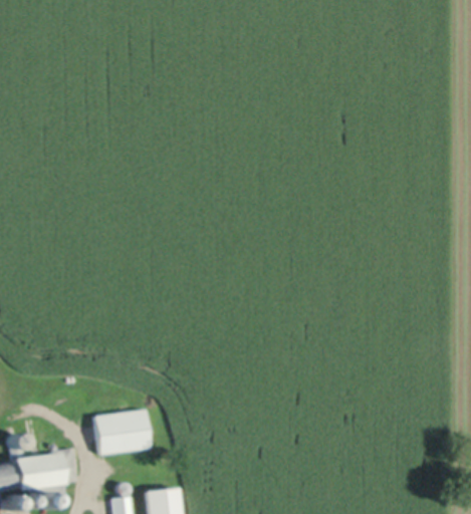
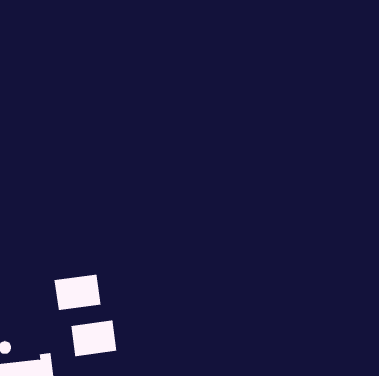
building: none -> [54,274,101,311]

